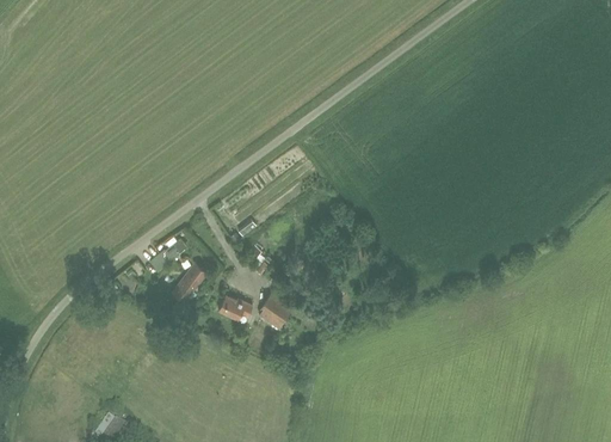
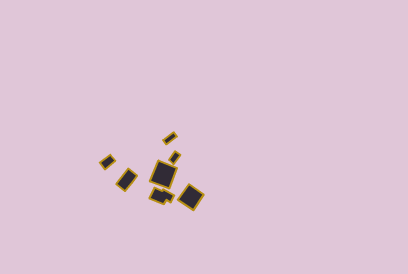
building: none -> [150,160,177,189]

